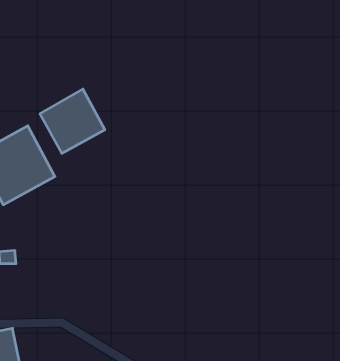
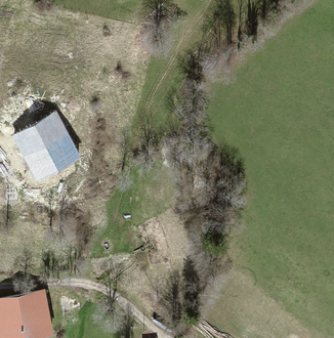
building: [40,89,105,153] -> none

